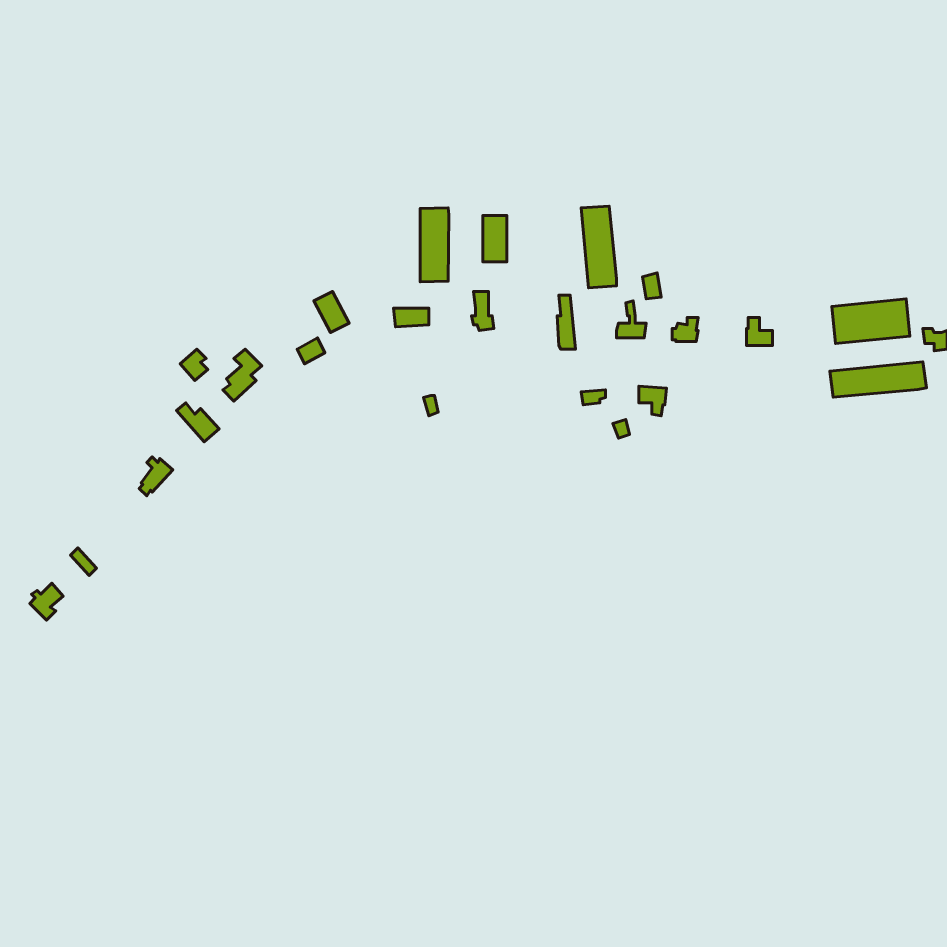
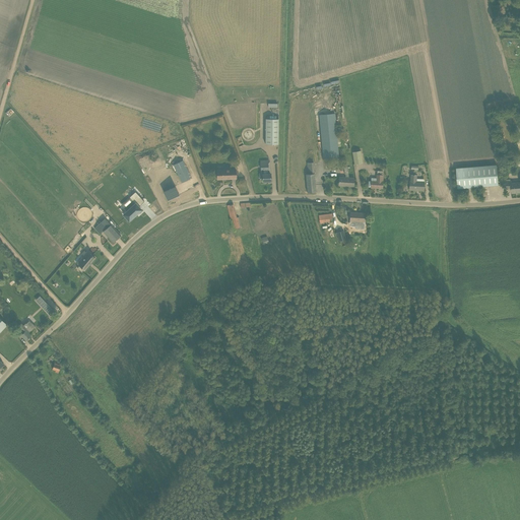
building: [420,208,449,282] -> none
building: [830,362,926,397] -> none

